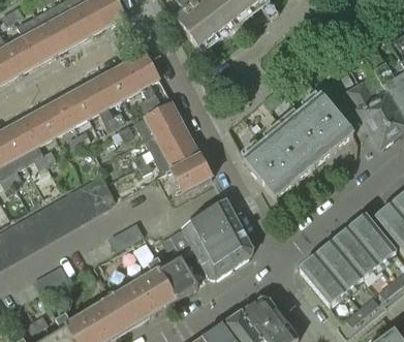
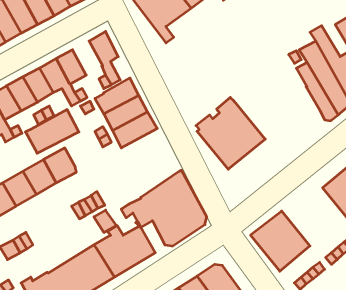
building: [110,61,142,97] -> none
building: [277,90,353,165] -> none
building: [155,154,212,200] -> [25,110,79,153]
building: [332,215,395,279] -> none

